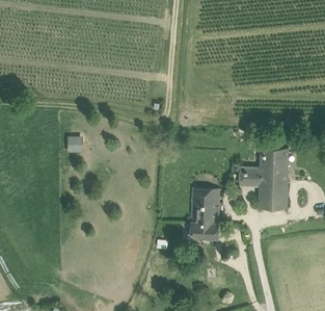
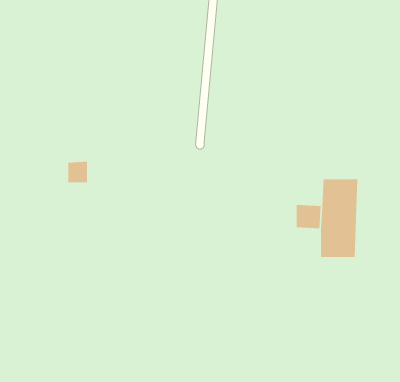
building: [190,188,218,239] -> none

